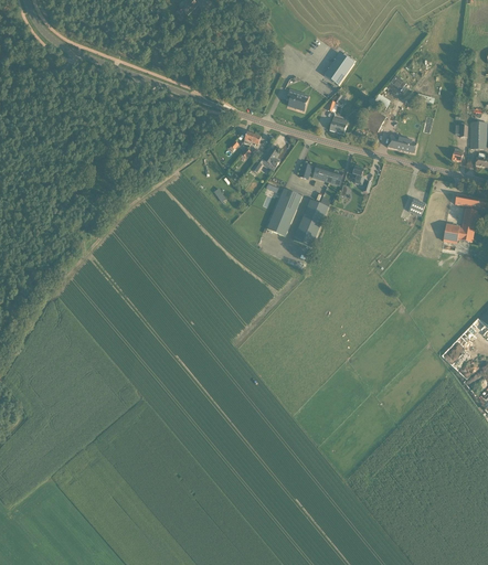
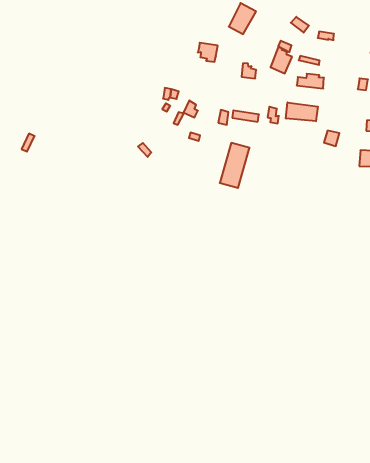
building: none -> [286,102,318,121]
building: [266,188,301,236] -> none

